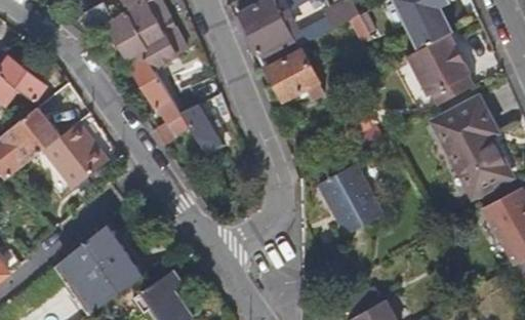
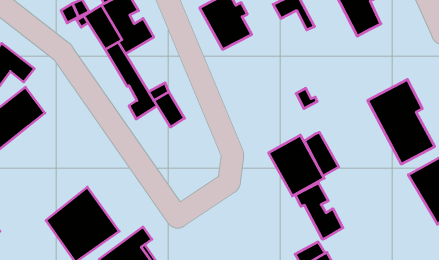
building: [406,33,475,105] -> none
building: [266,49,325,101] -> none
building: [39,124,107,192] -> none
building: none -> [304,132,339,176]
building: none -> [295,183,343,239]

